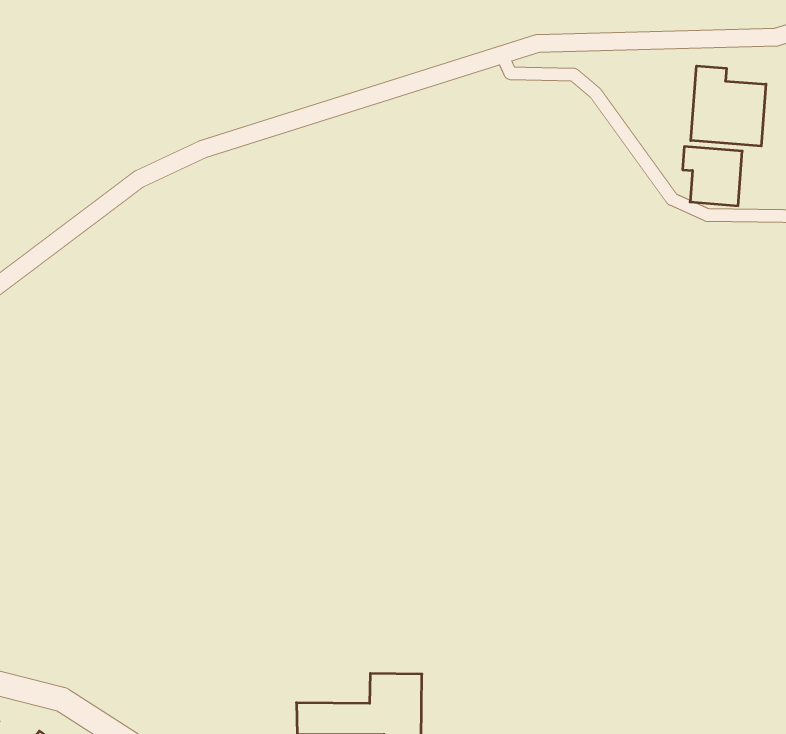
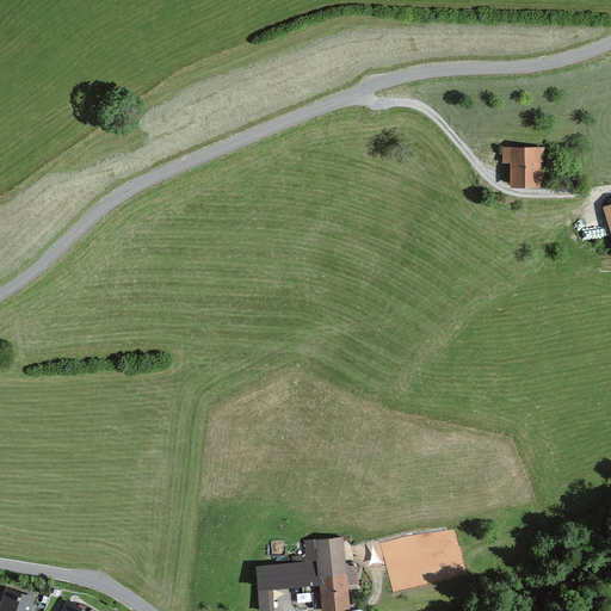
building: [691,66,766,146] -> none

